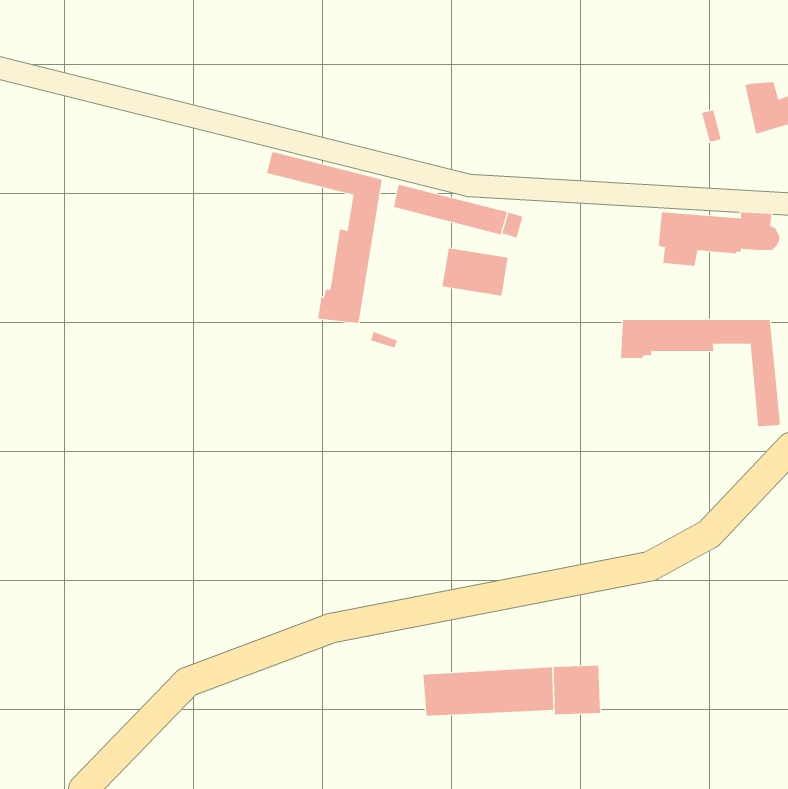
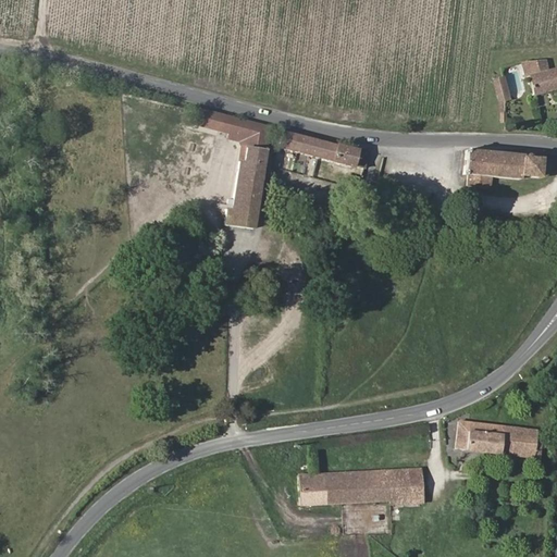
building: [442,248,508,296] -> none
building: [621,319,780,427] -> none
building: none -> [457,420,539,457]

